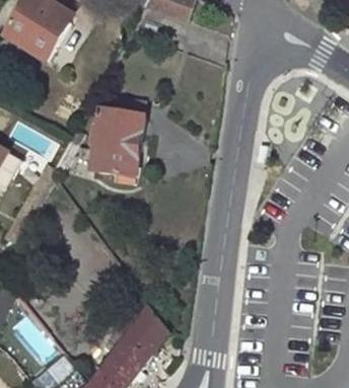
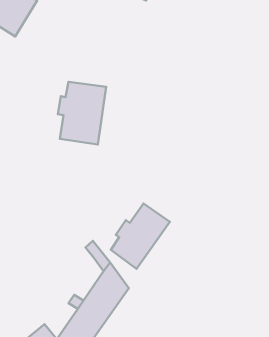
building: none -> [111,204,170,269]

